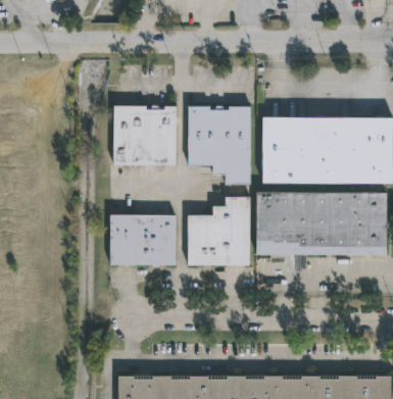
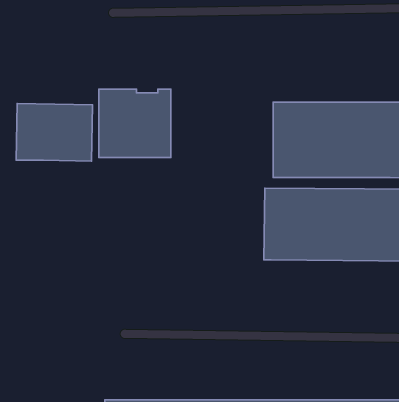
building: [189,106,250,184] -> none
building: [187,197,248,266] -> none
building: [109,215,176,265] -> [16,104,93,161]

